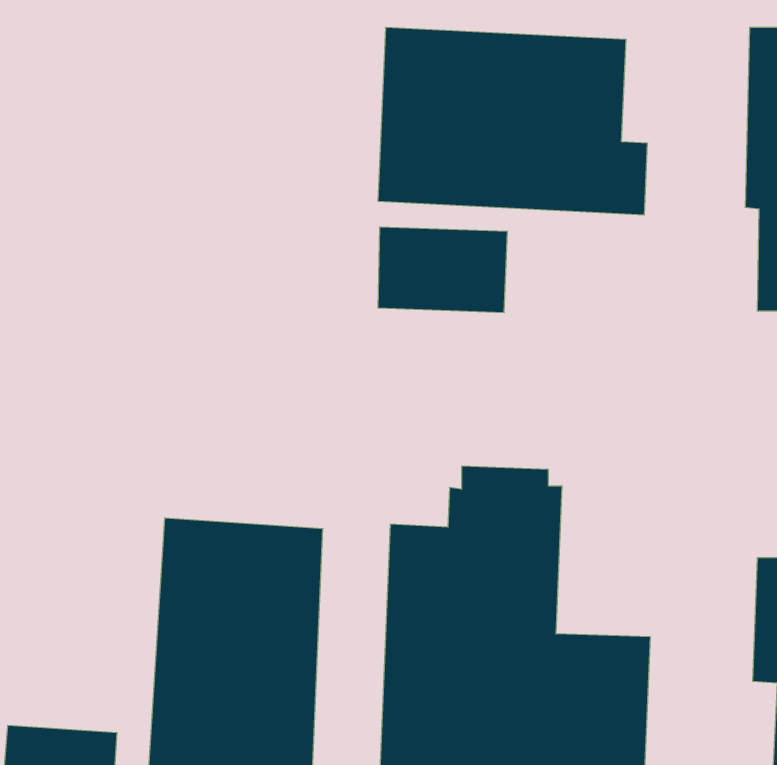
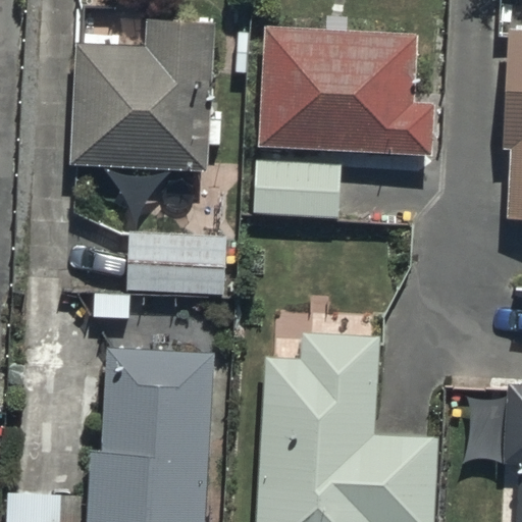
building: none -> [70,18,212,169]
building: none -> [123,232,227,299]

